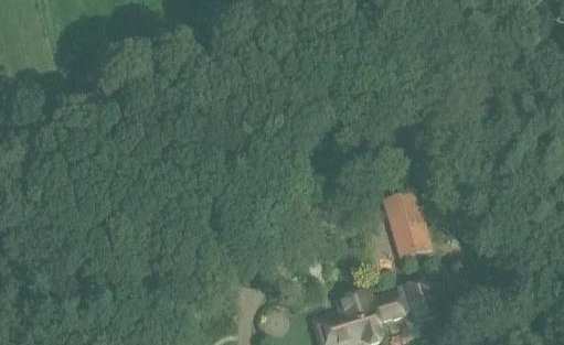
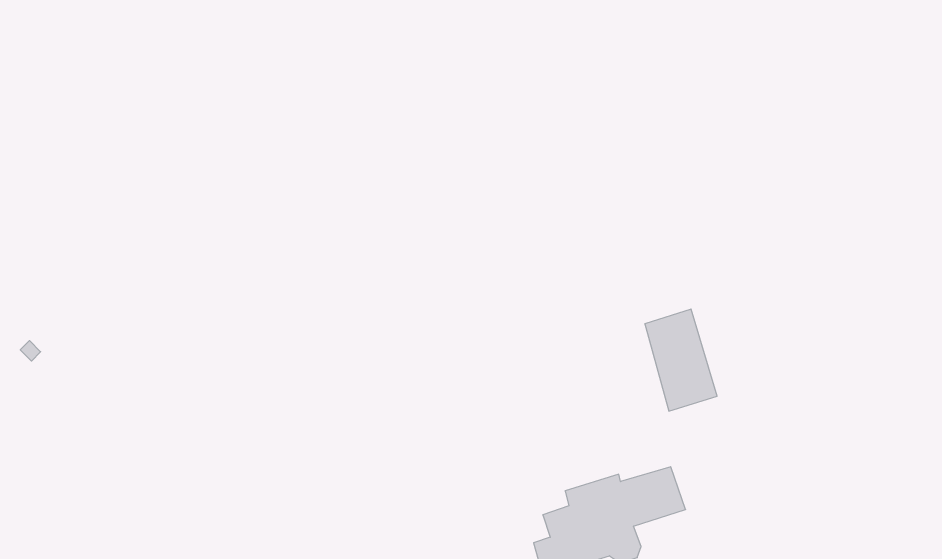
building: [400,279,434,314] -> none

